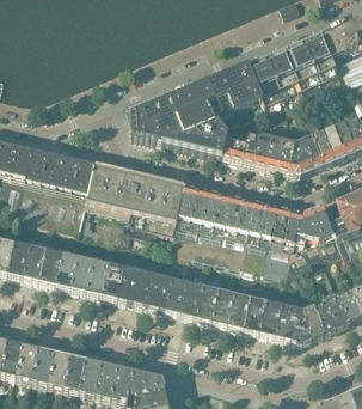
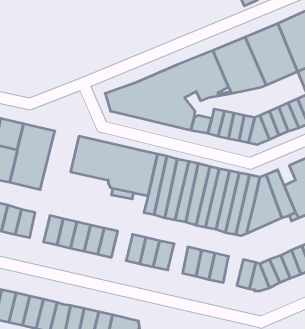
building: [51,157,96,230] -> none
building: [39,250,62,283] -> none
building: [133,271,157,305] -> none
building: [197,286,220,319] -> none
building: [260,300,283,334] -> none

